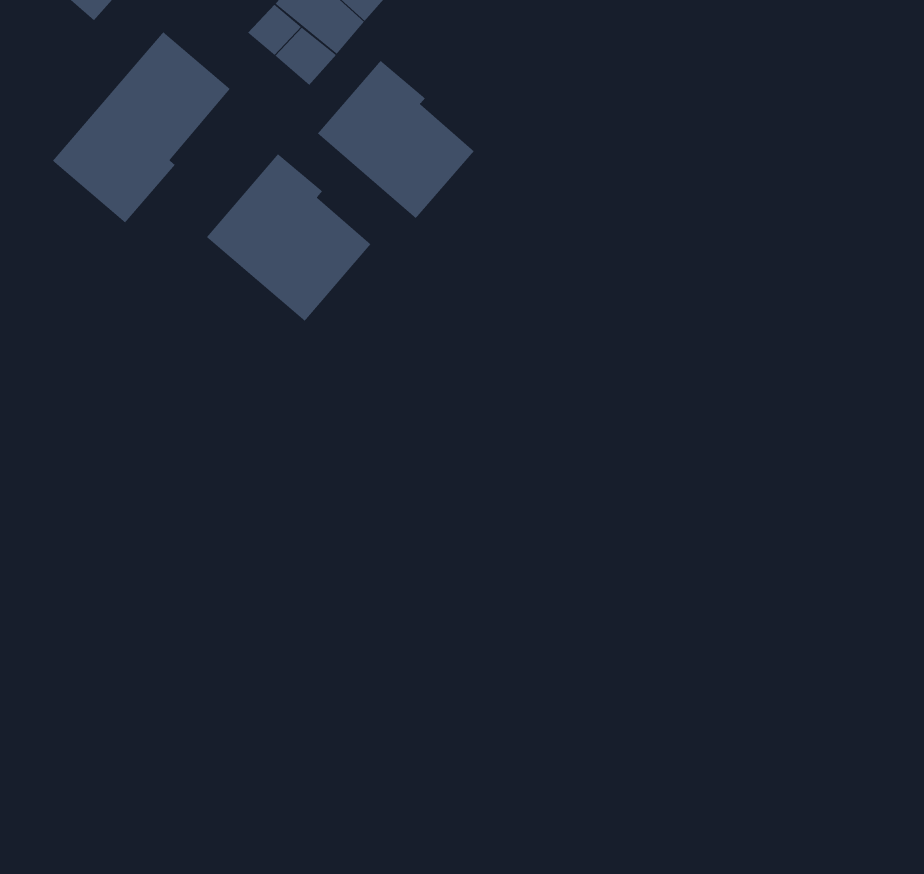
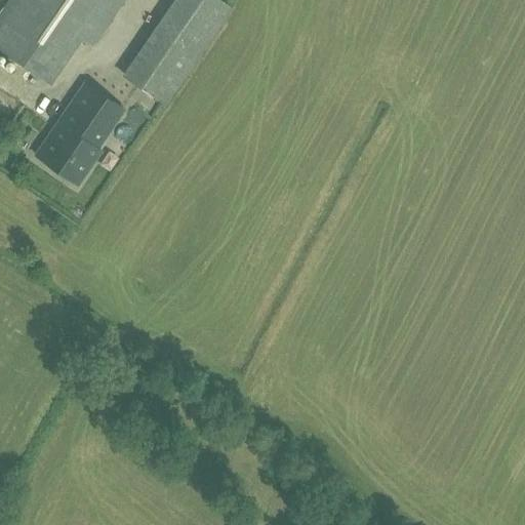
building: [317,60,475,219] -> none
building: [206,153,371,322] -> none

